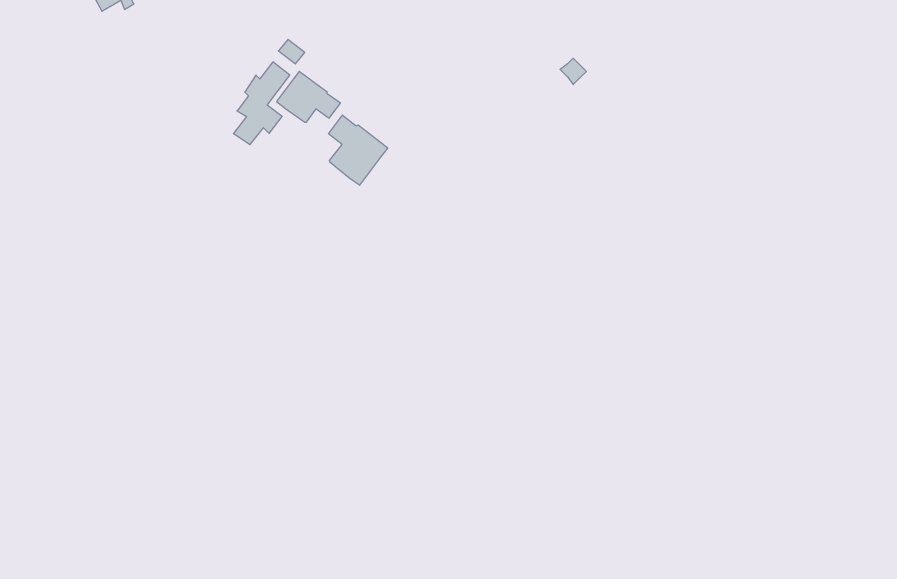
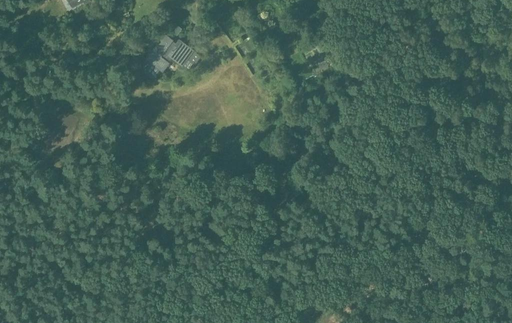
building: [329,115,388,185] -> none

